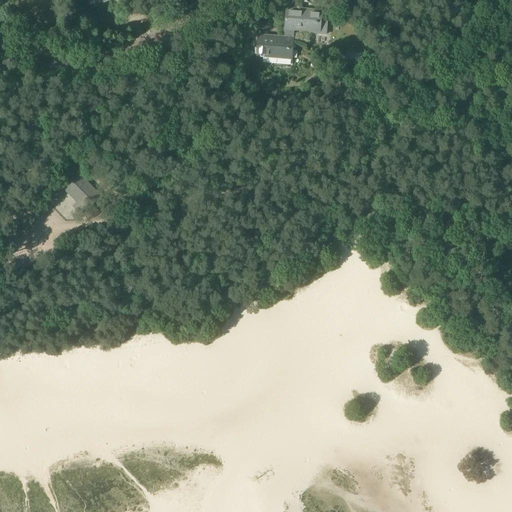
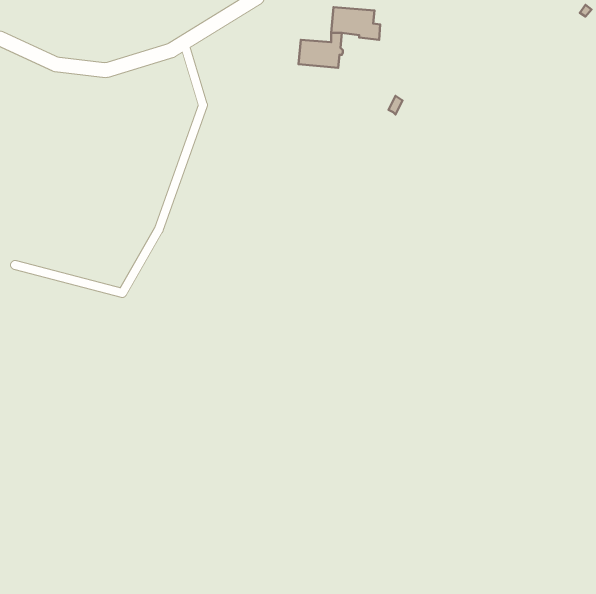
building: [66,173,100,211] -> none

